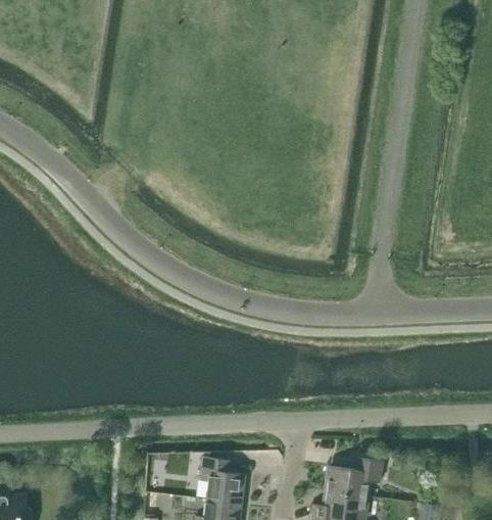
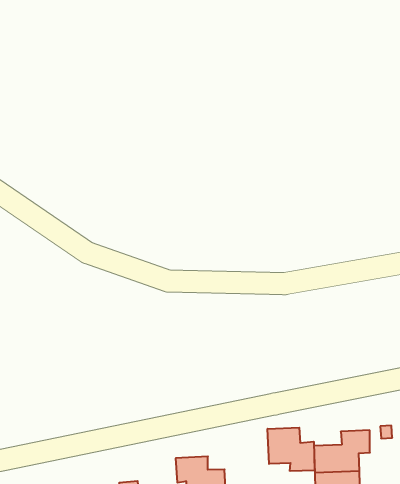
building: none -> [268,428,315,471]

